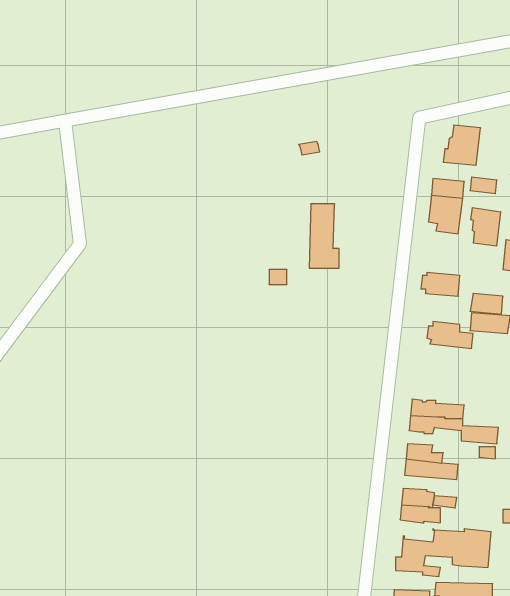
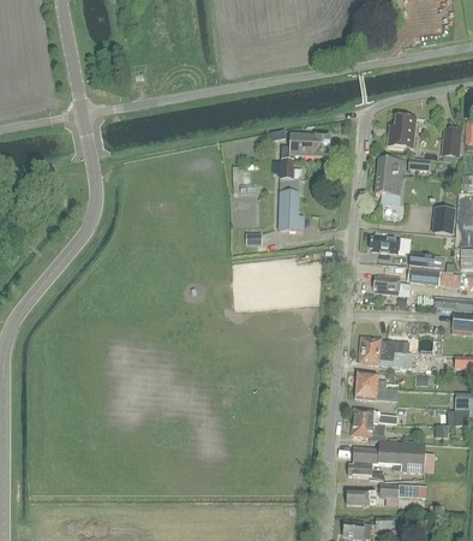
building: none -> [281,129,329,178]
building: [471,208,501,246] -> none

